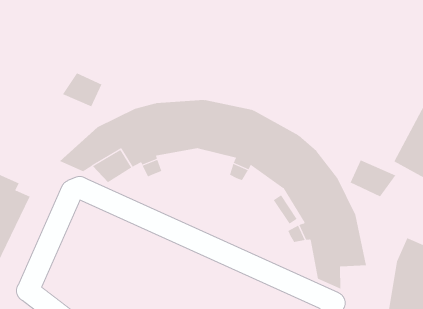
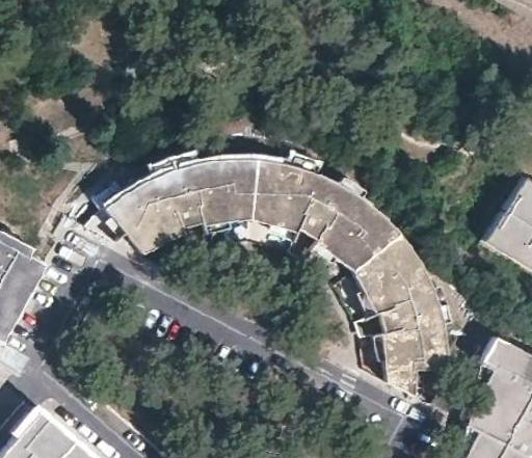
building: [62,72,102,107] -> none
building: [350,159,396,197] -> none

